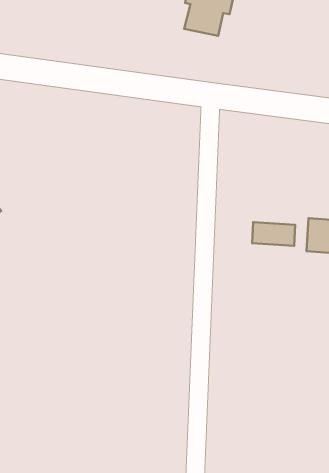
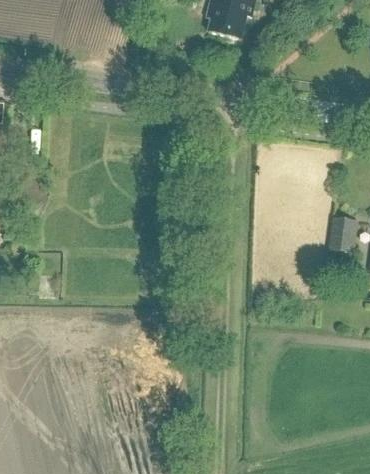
building: [252,222,295,246] -> none

